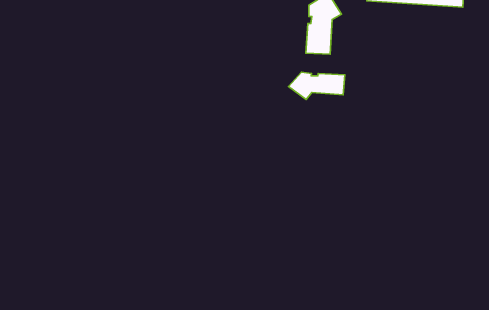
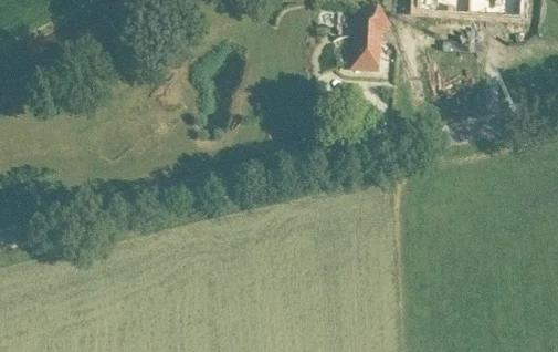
building: [288,72,345,99] -> none

